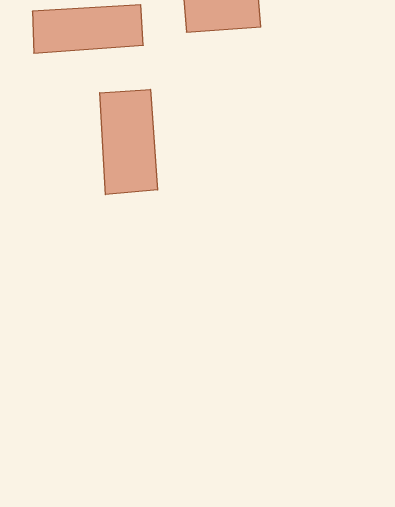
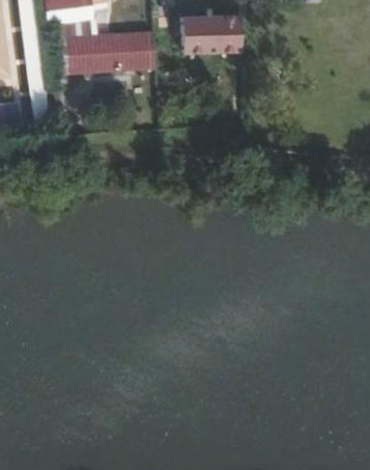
building: [100,89,158,195] -> none

